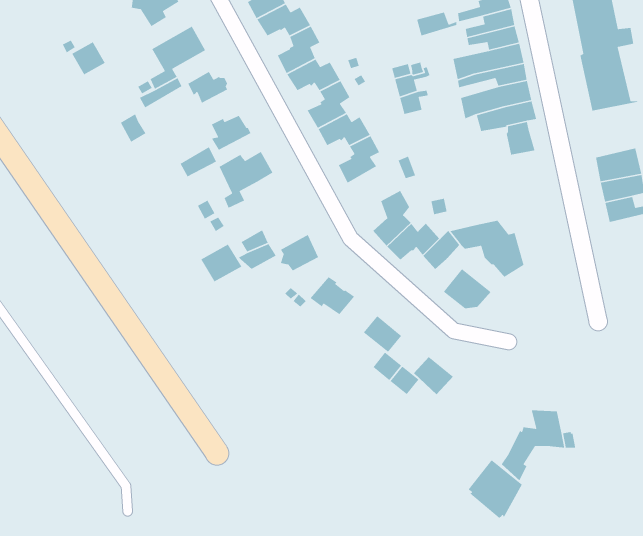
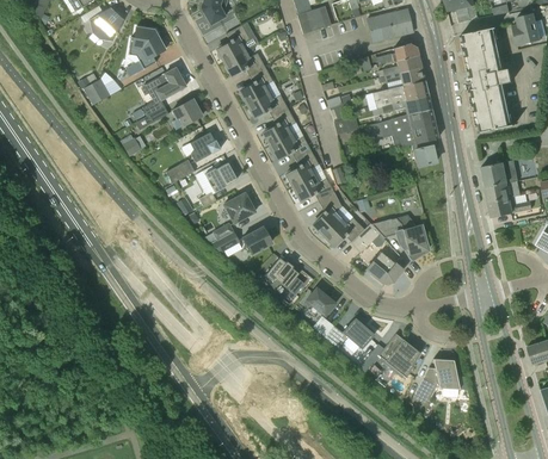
building: none -> [294,174,334,200]
building: [200,243,242,283] -> [223,193,255,223]
building: [468,459,523,519] -> [378,333,420,378]

